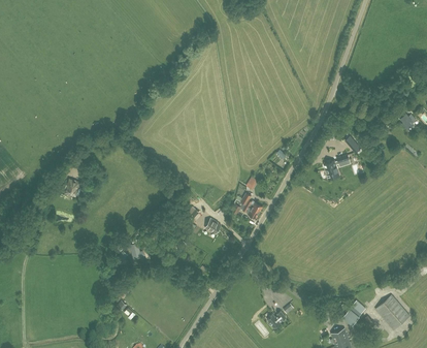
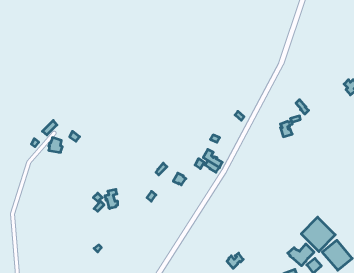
building: none -> [301,217,335,252]

